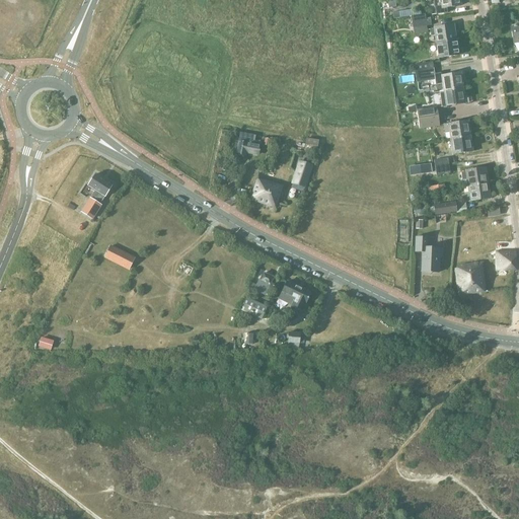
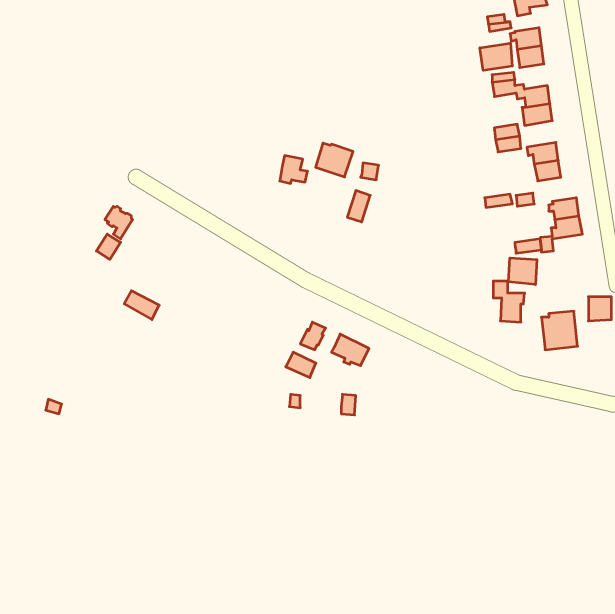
building: none -> [480,43,512,70]
building: [251,178,283,207] -> [316,143,353,177]
building: none -> [509,258,537,285]

